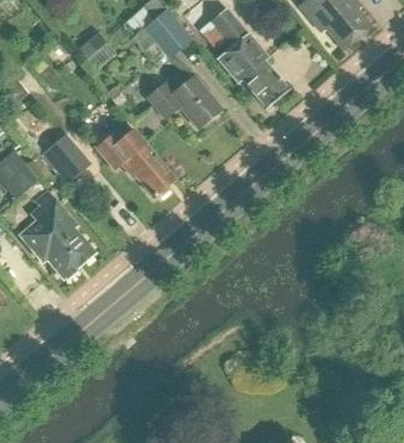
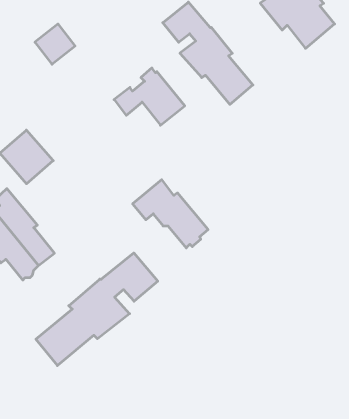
building: [132,12,188,58] -> none
building: [101,130,175,196] -> [133,180,208,248]
building: none -> [36,253,158,366]

